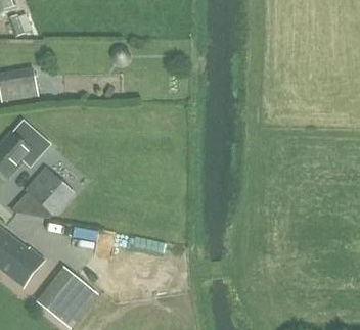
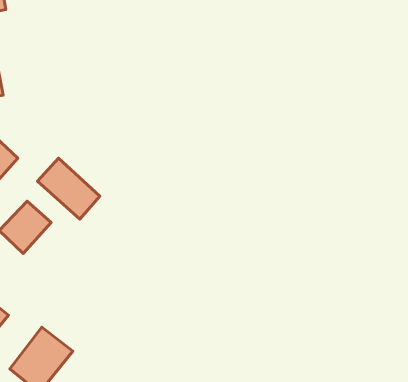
building: none -> [37,158,100,219]

